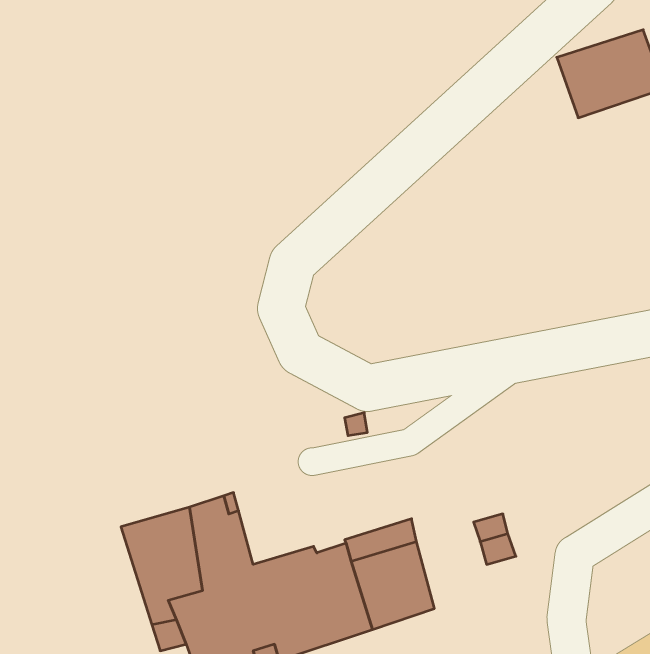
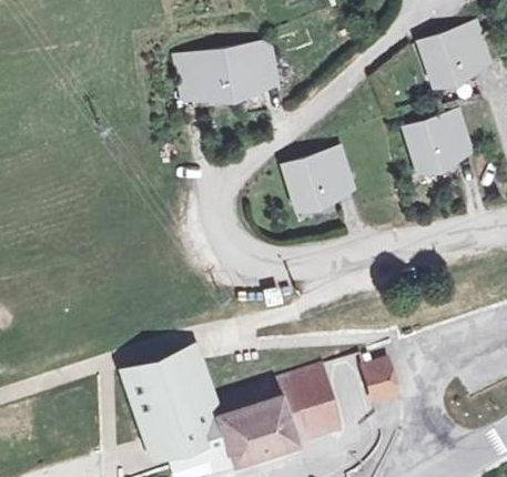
building: none -> [180,47,280,104]
building: none -> [405,119,473,175]
building: none -> [282,154,353,210]

